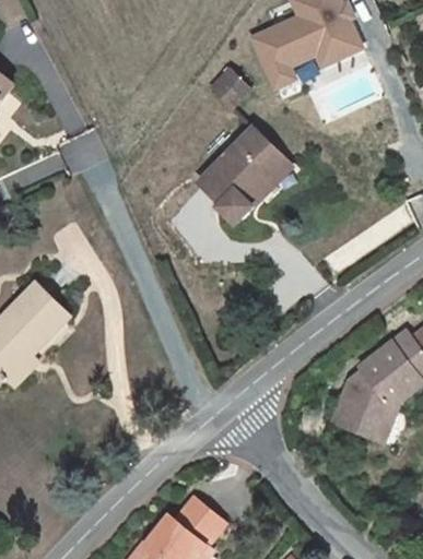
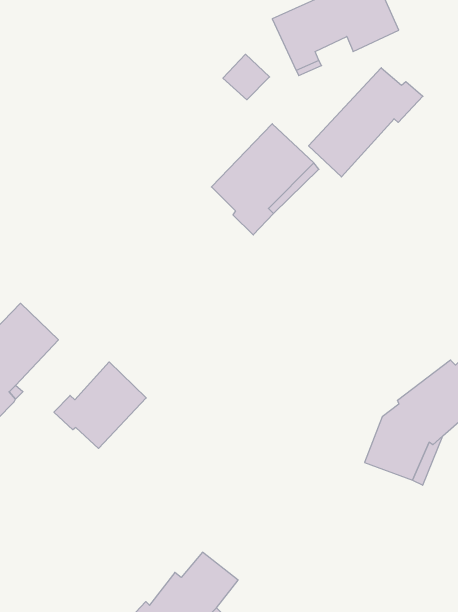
building: none -> [309,68,423,177]
building: none -> [54,362,146,448]

